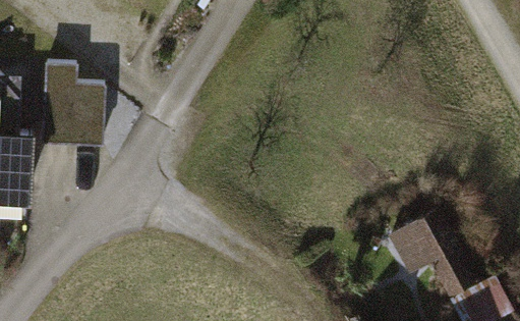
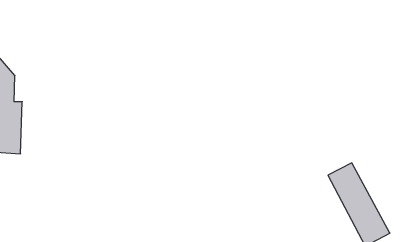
building: [46,63,100,143] -> none

